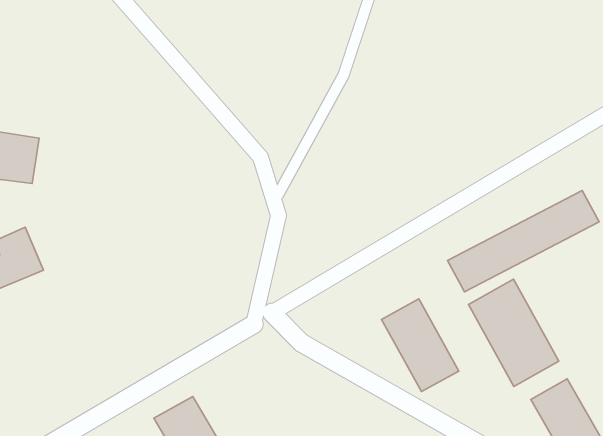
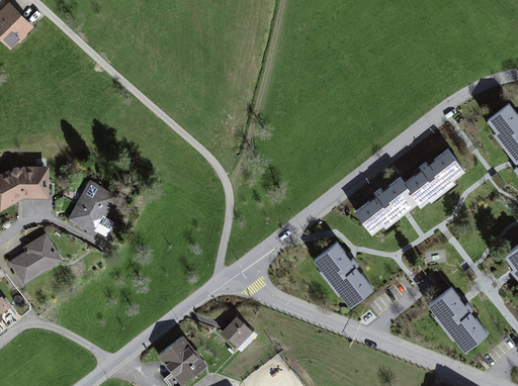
building: none -> [69,178,116,231]
building: [469,279,559,386] -> none
building: none -> [224,314,254,346]

